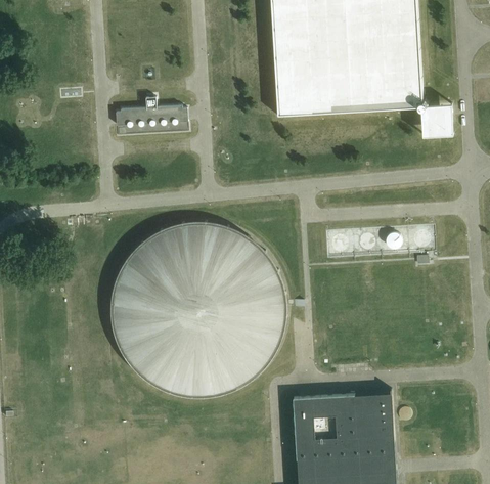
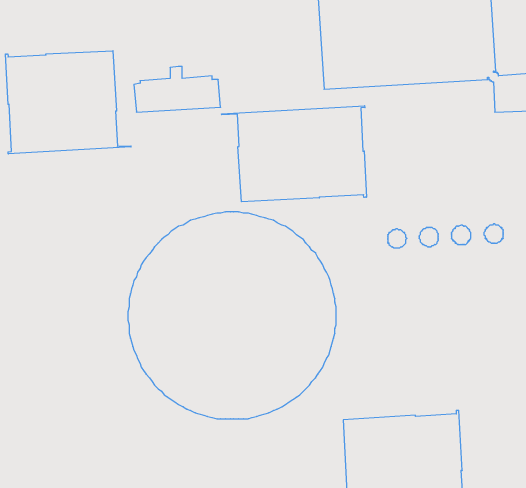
building: none -> [5,51,131,154]
building: none -> [222,106,366,202]

